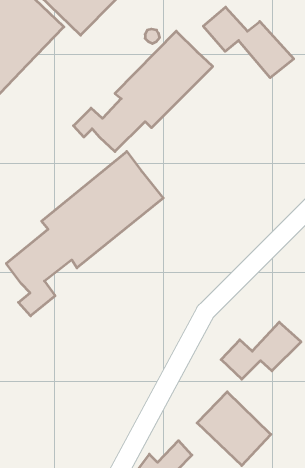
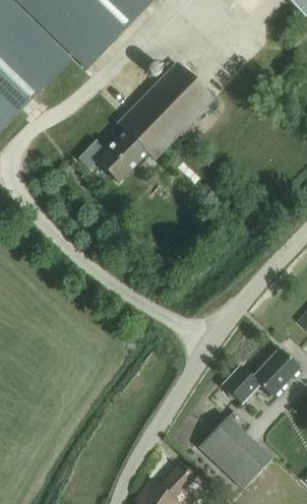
building: [203,7,294,78] -> none
building: [6,151,163,316] -> none

